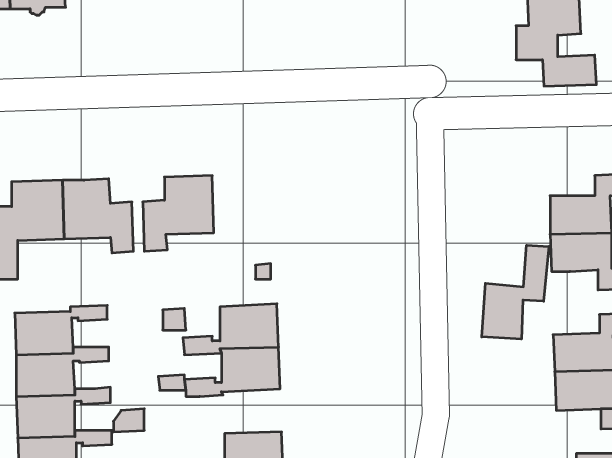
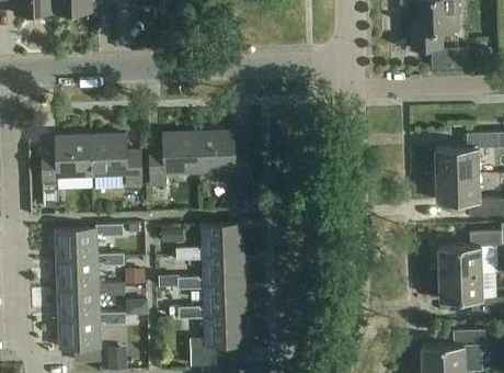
building: none -> [196,132,248,183]
building: [482,245,549,339] -> none
building: none -> [177,284,245,318]

